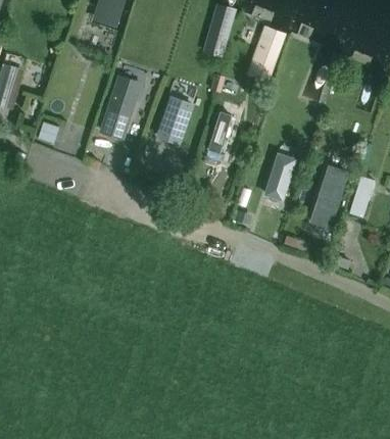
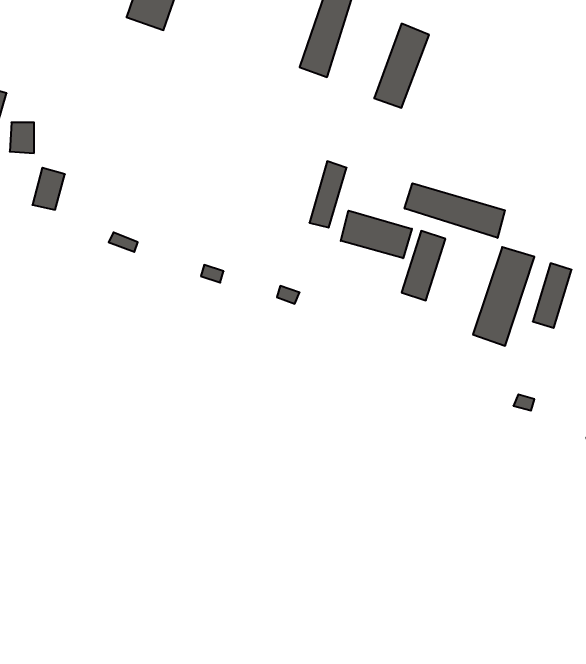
building: [99,75,143,140] -> none
building: [158,97,192,143] -> none
building: none -> [405,183,505,238]
building: none -> [341,211,412,258]

